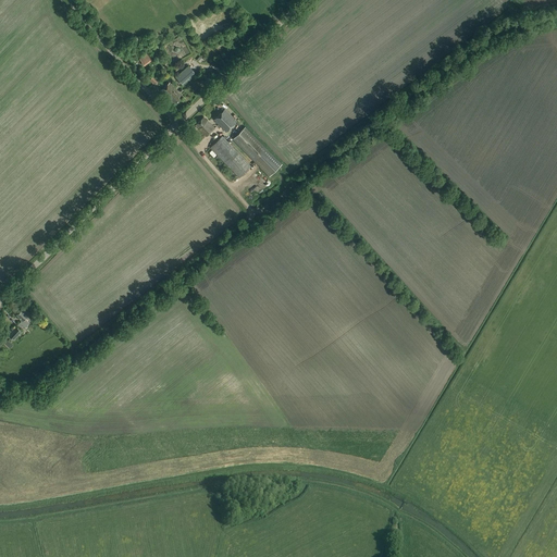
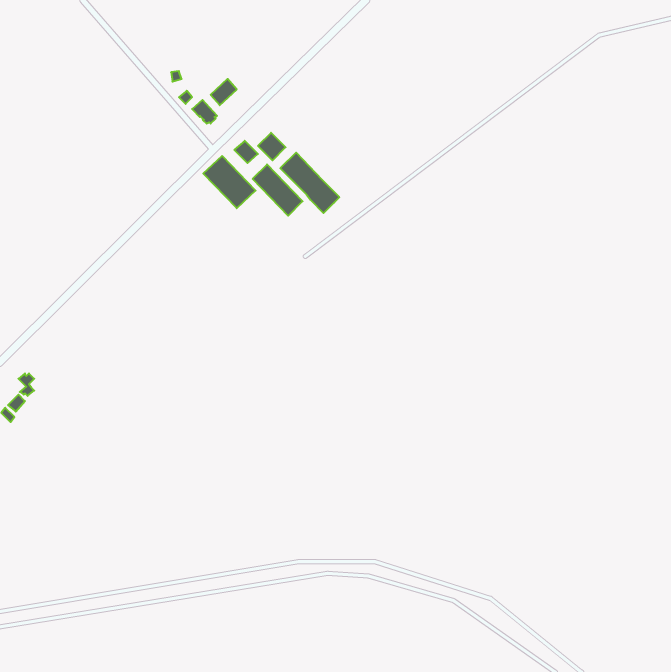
building: none -> [203,156,256,208]

